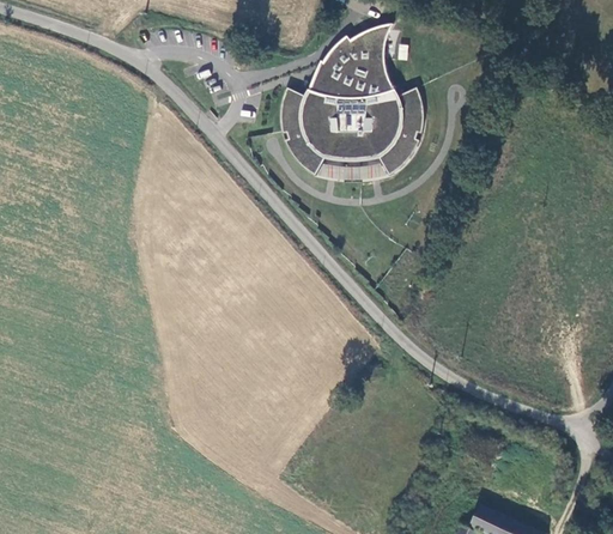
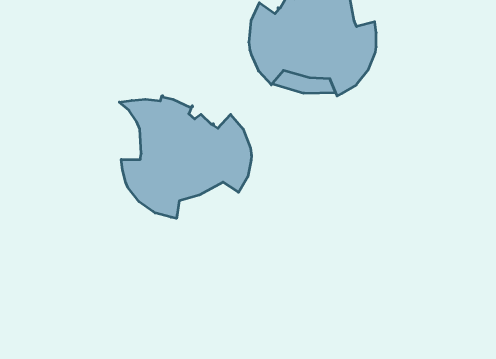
building: none -> [119,96,251,218]

